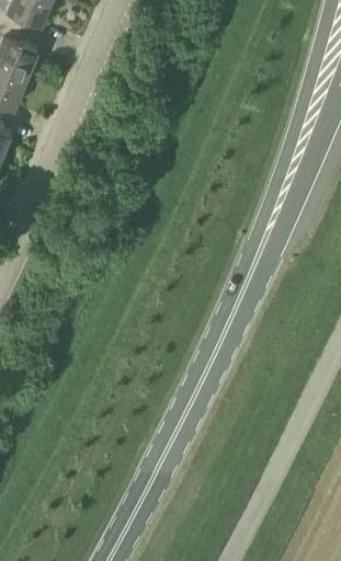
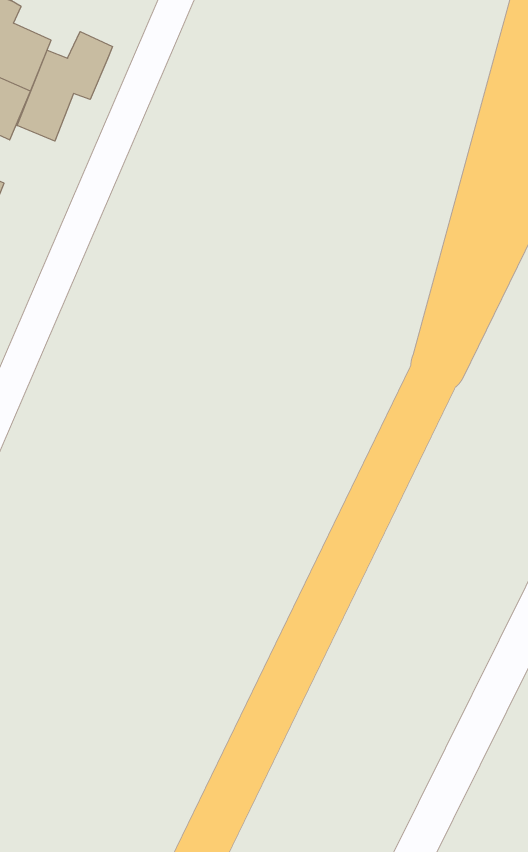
building: none -> [17,32,113,141]

